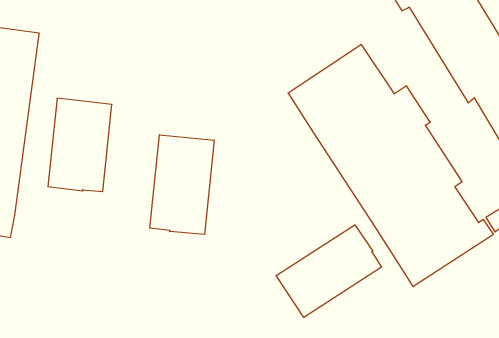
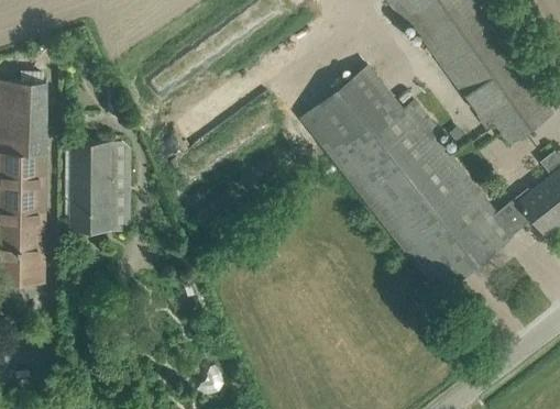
building: [150,135,214,234] -> none
building: [276,225,381,317] -> none

